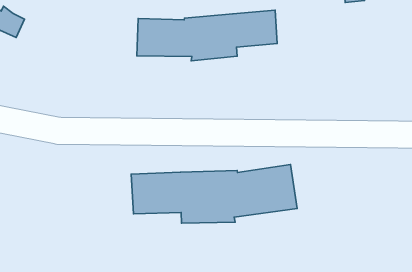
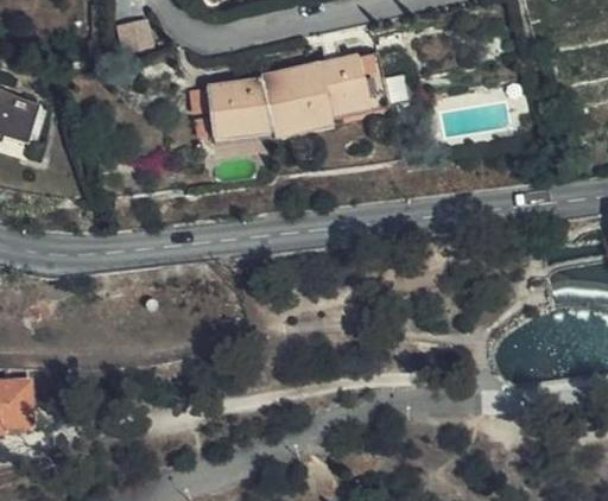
building: [131,164,297,223] -> none

